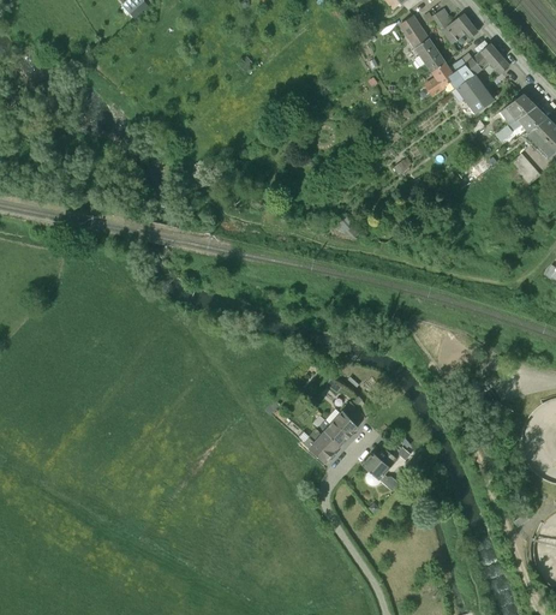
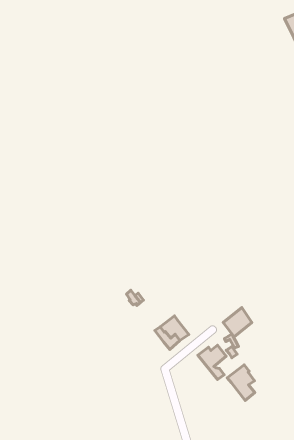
building: [330,404,366,442] -> [223,307,252,337]
building: none -> [227,365,255,401]

